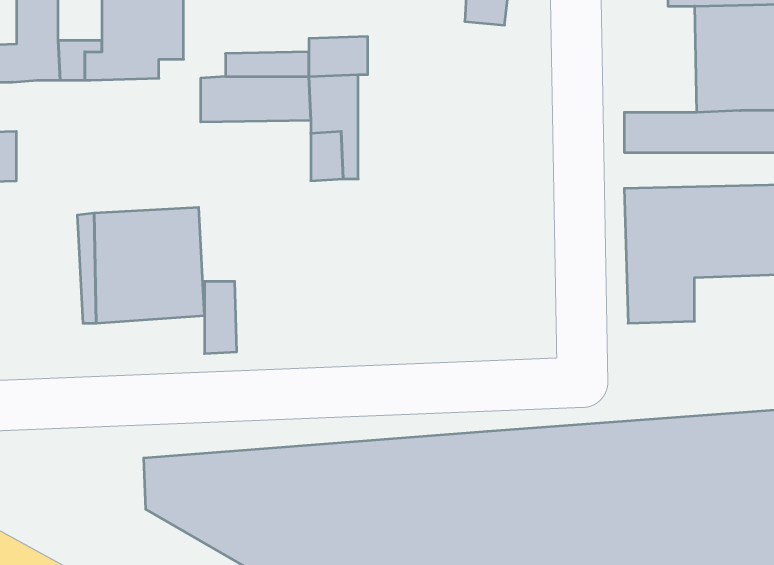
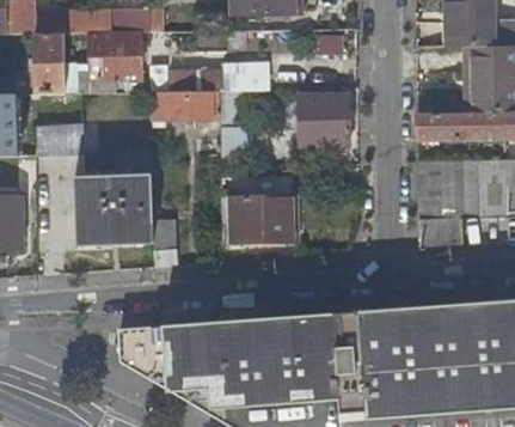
building: none -> [301,93,350,141]
building: none -> [37,121,85,157]
building: none -> [223,194,295,242]

